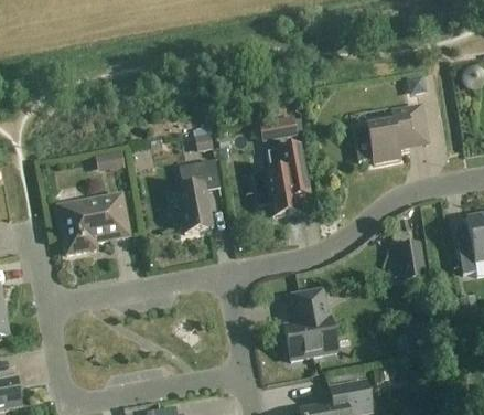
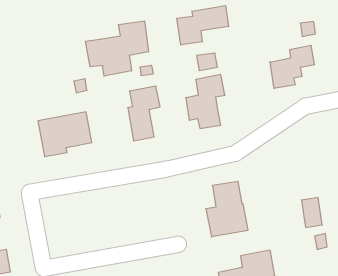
building: none -> [177,6,229,45]
building: none -> [86,21,149,76]
building: [397,241,424,280] -> [301,198,322,227]

